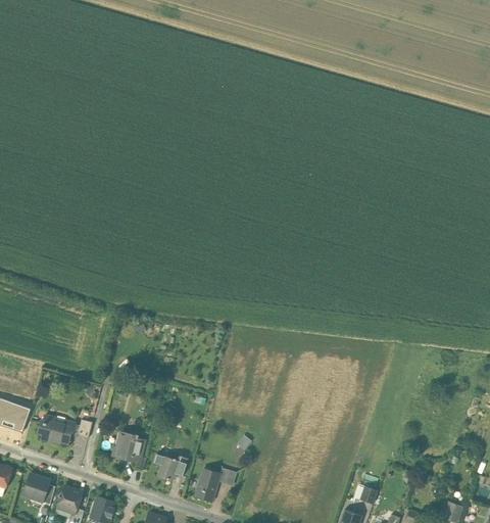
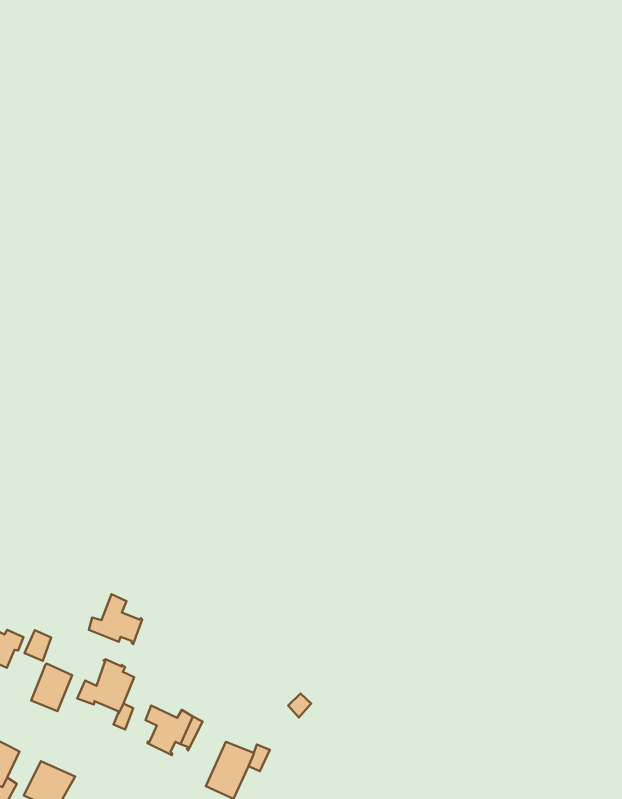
building: none -> [89,594,142,644]
building: none -> [31,663,72,711]

